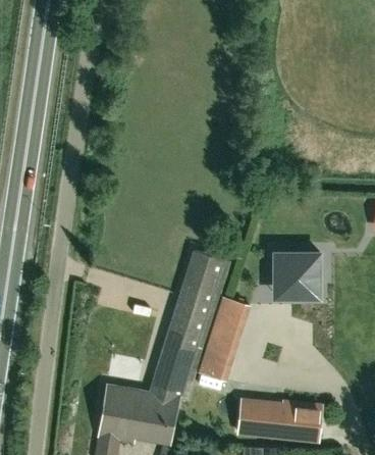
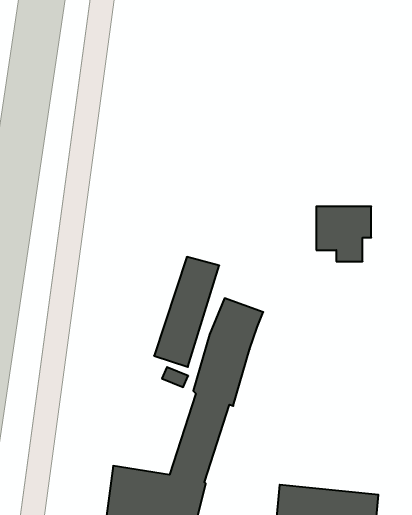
building: [274,254,319,299] -> [316,206,371,261]
building: [198,295,251,385] -> [154,257,219,367]

